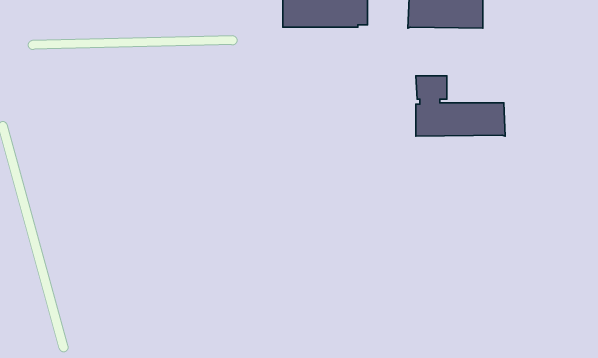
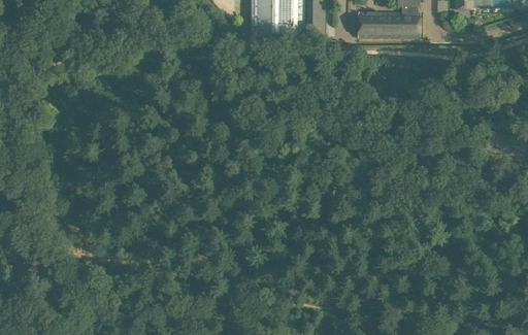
building: [416,76,505,136] -> none

